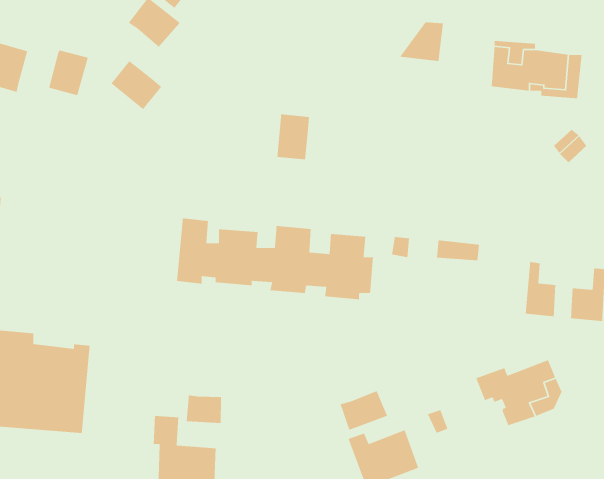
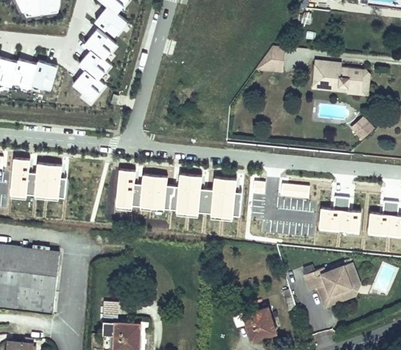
building: none -> [77,49,110,81]
building: none -> [13,60,38,89]
building: [276,113,310,160] -> none
building: none -> [10,158,65,202]
building: none -> [317,198,341,232]
building: [340,390,388,431] -> none
building: [186,394,222,424] -> none

